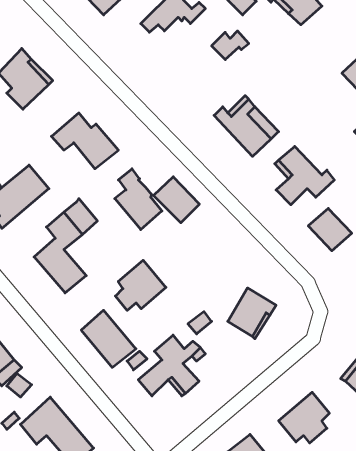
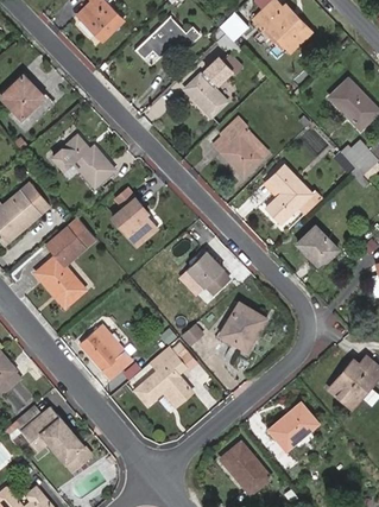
building: none -> [184,75,226,116]
building: [153,177,199,223] -> [187,252,230,296]
building: [115,260,166,310] -> none

